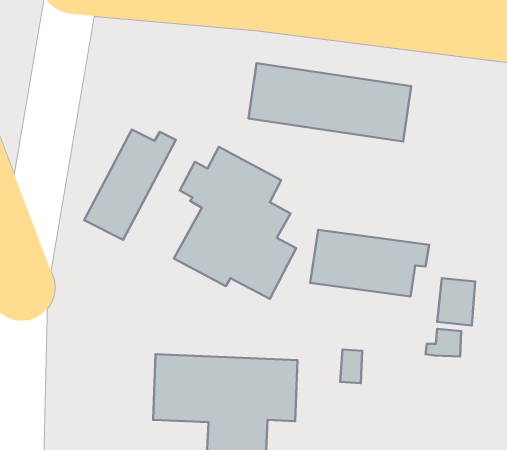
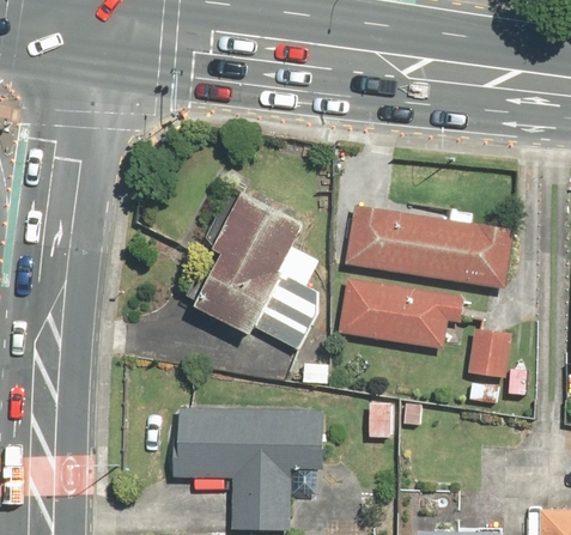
building: [249,63,411,142] -> [345,206,514,287]
building: [84,129,176,240] -> none

